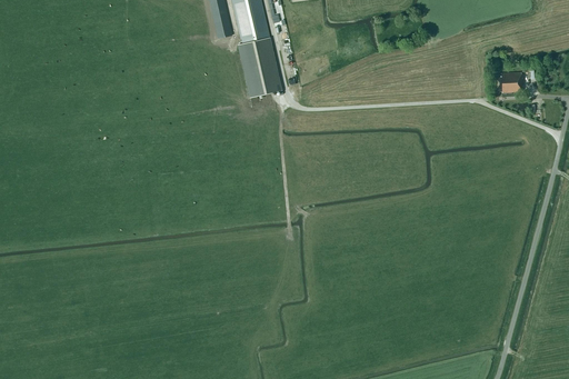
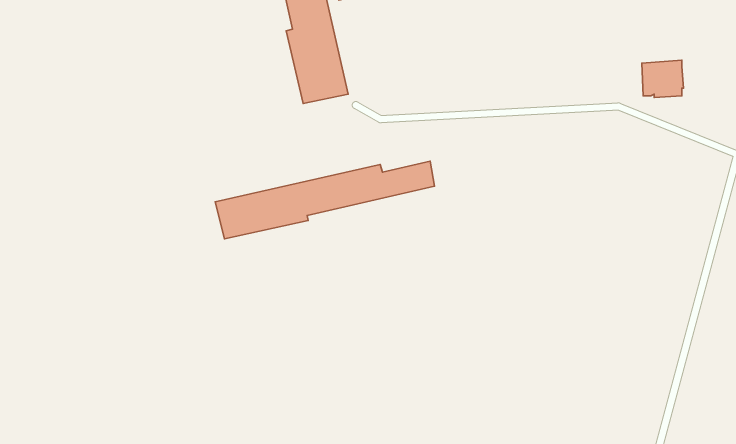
building: none -> [215,161,435,239]

